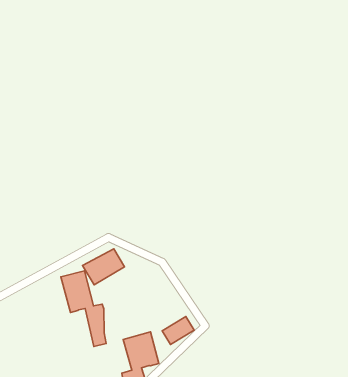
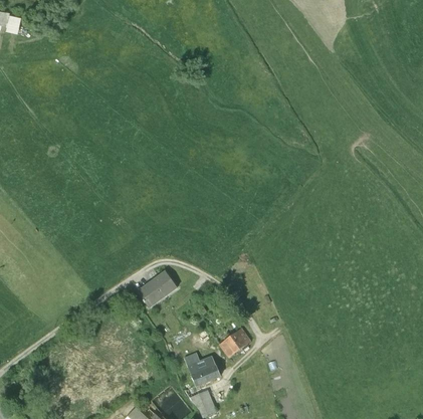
building: [61,271,106,347] -> none

